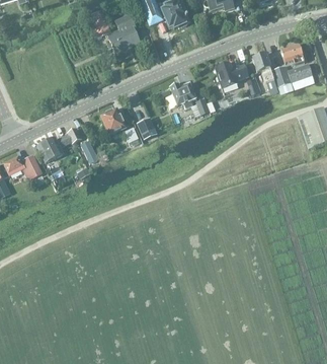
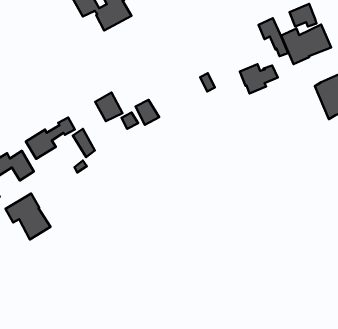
building: [216,62,249,87] -> [240,64,278,93]
building: [171,81,196,107] -> none
building: none -> [5,194,51,239]

